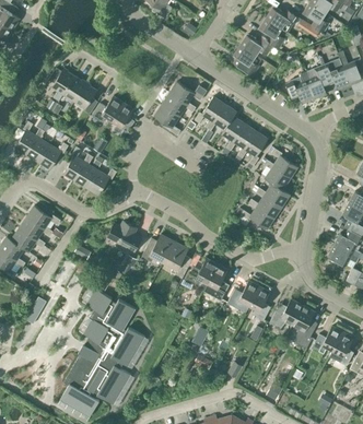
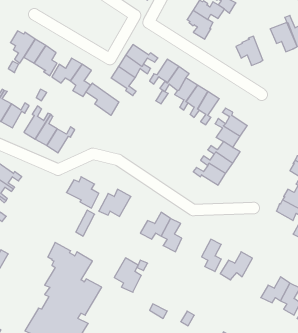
building: [304,66,328,98] -> none
building: none -> [86,83,119,115]
building: [163,242,191,278] -> [114,258,141,292]
building: [227,281,259,309] -> none
building: [292,306,315,349] -> none

